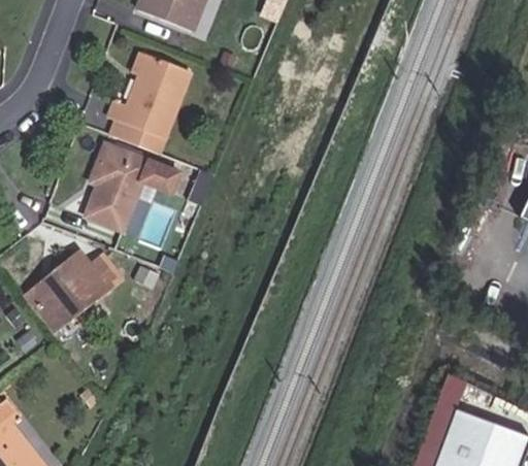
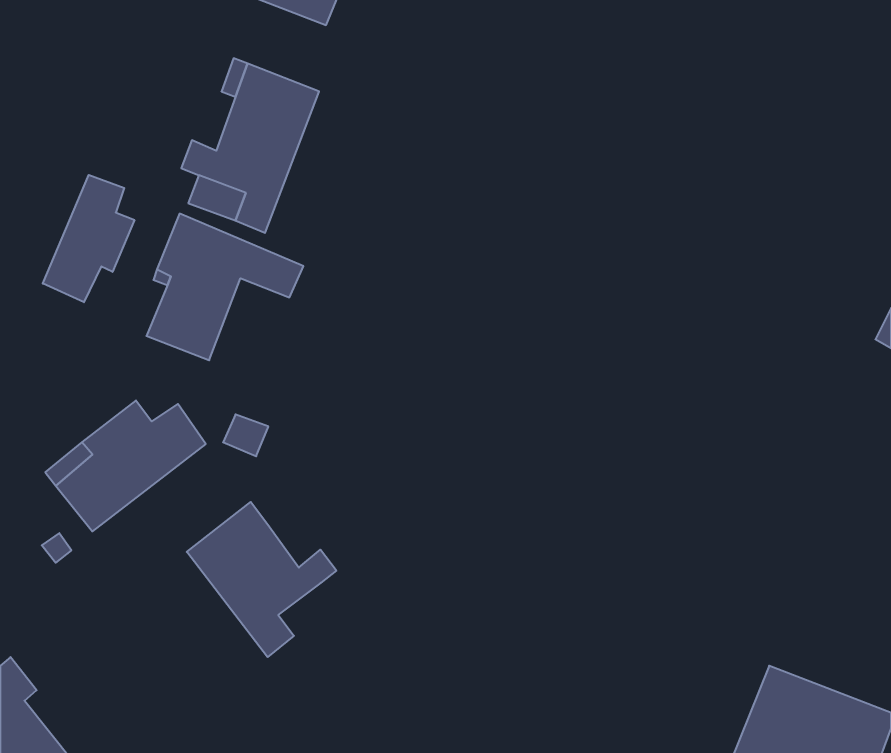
building: none -> [43,175,134,302]
building: none -> [187,502,336,657]

